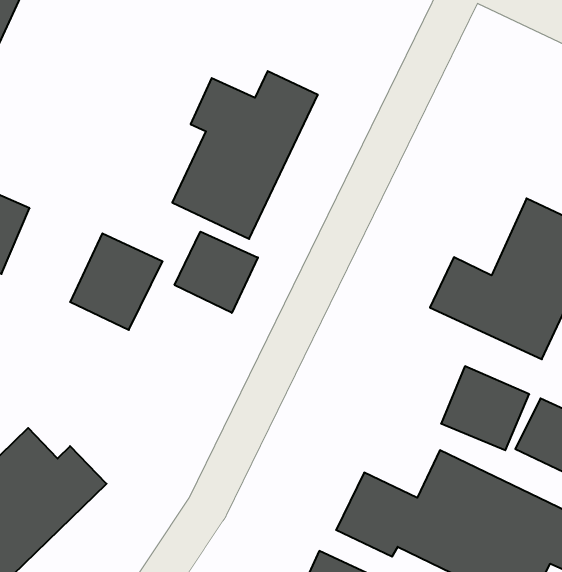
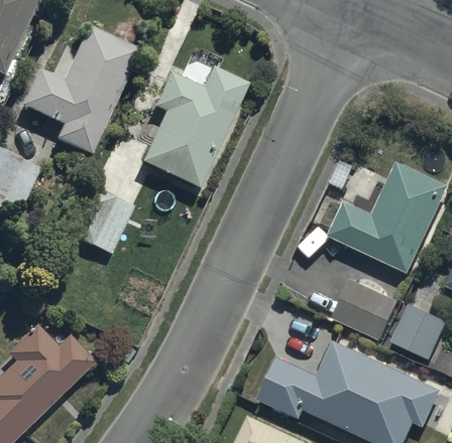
building: none -> [22,26,140,157]
building: [175,232,258,313] -> none

